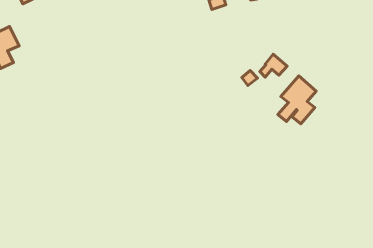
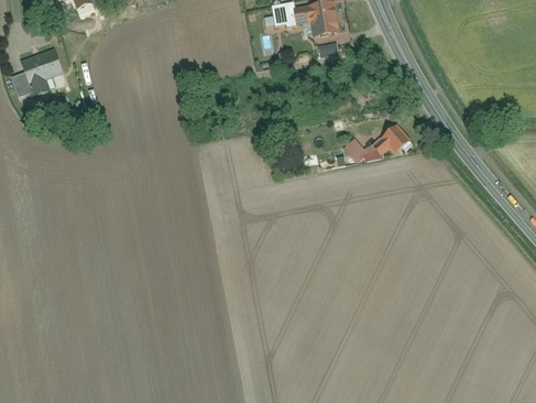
building: [278,76,316,124] -> none

